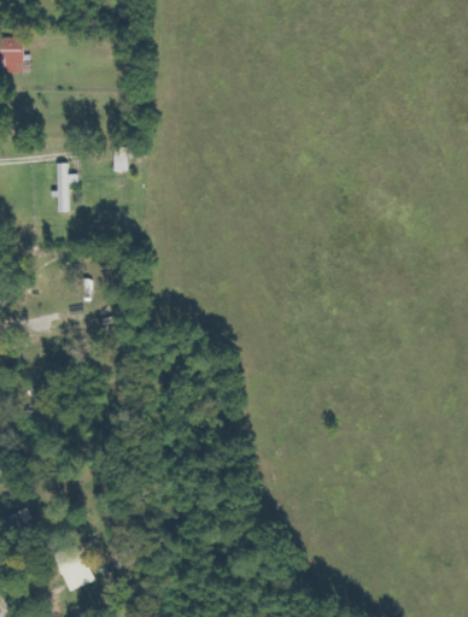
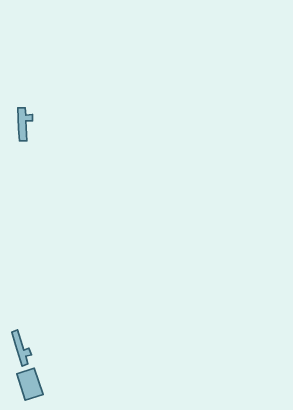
building: none -> [12,330,31,366]

